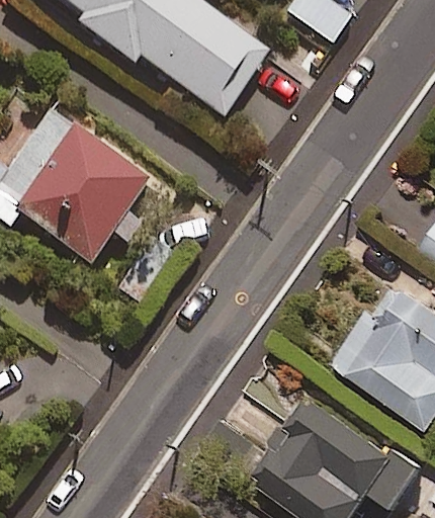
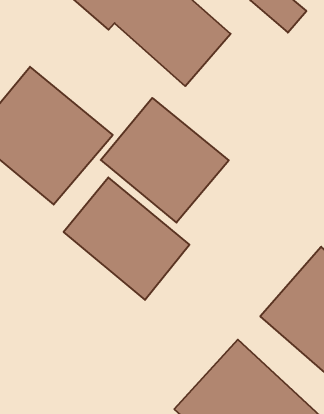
building: none -> [101,98,229,223]
building: none -> [64,177,189,300]

